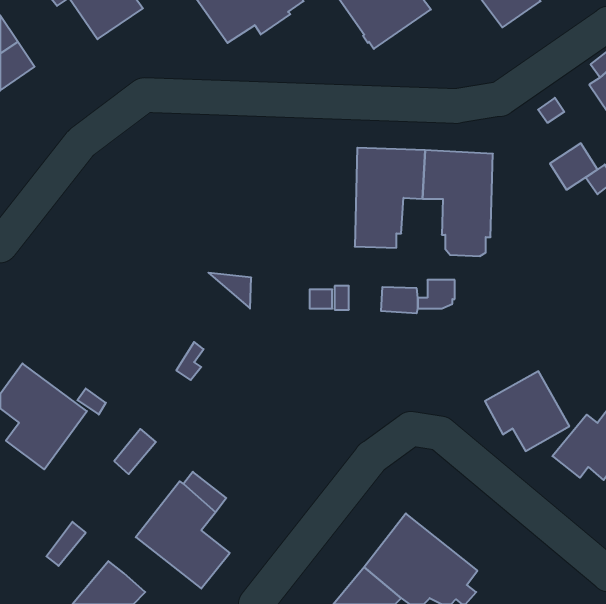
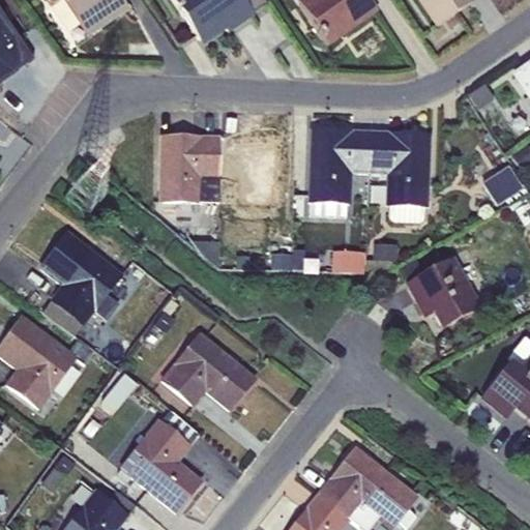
building: [550,143,597,190] -> [482,165,524,205]
building: none -> [160,135,220,202]
building: none -> [41,232,122,335]
building: [485,371,569,451] -> [408,257,481,326]
building: none -> [163,332,256,409]

